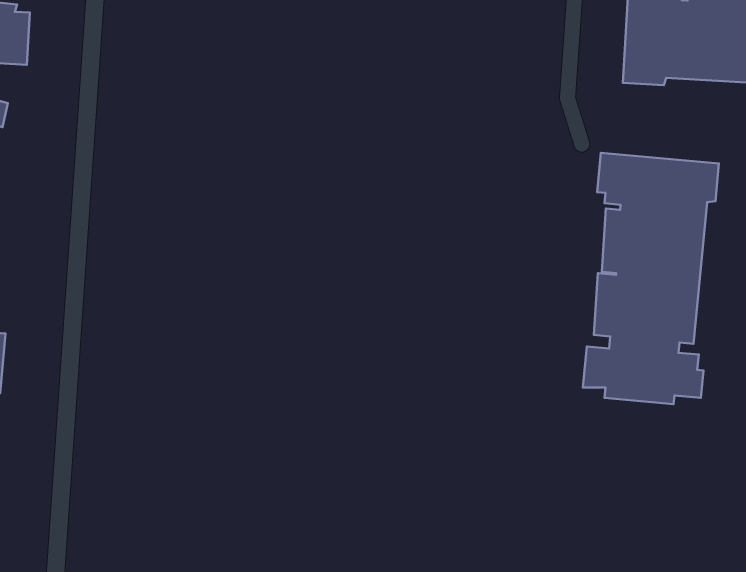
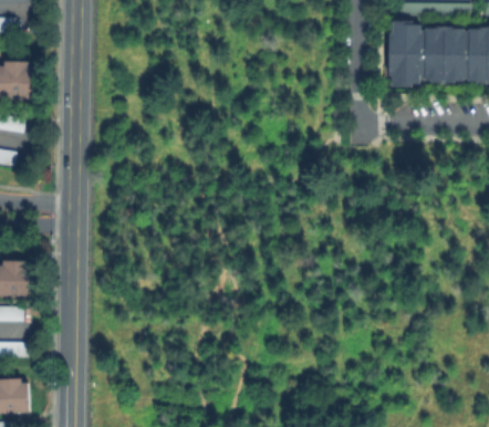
building: [583,153,719,404] -> none

